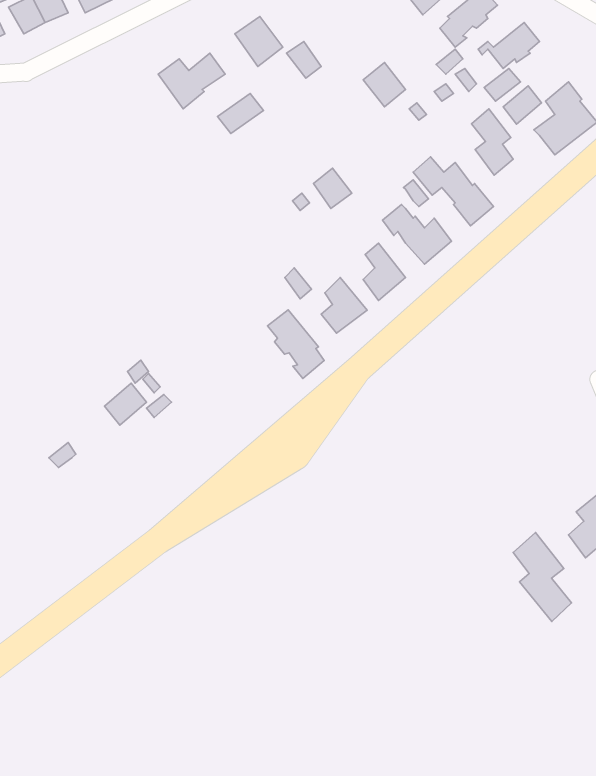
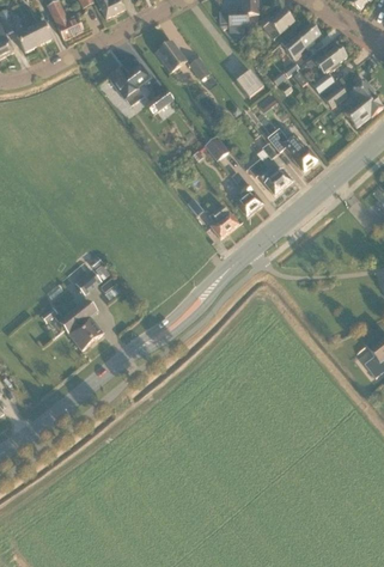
building: [472,109,513,175] -> none
building: [267,310,324,379] -> none
building: none -> [59,298,102,349]
building: [513,532,572,622] -> none

